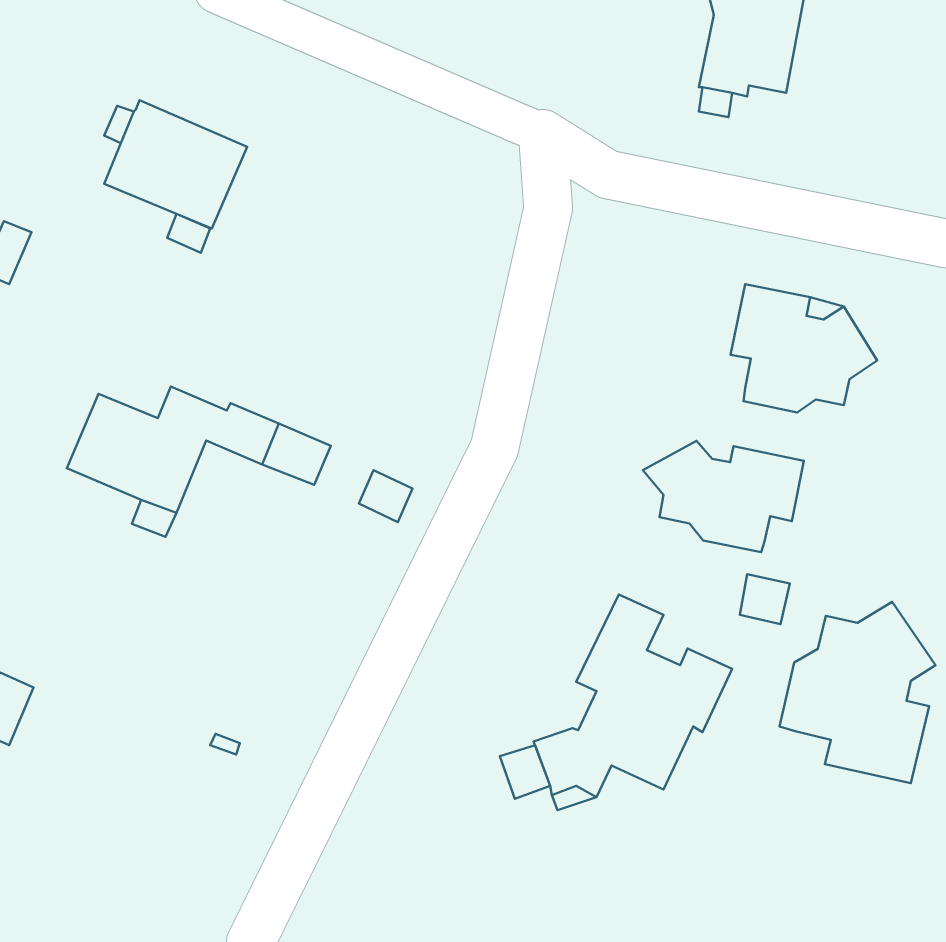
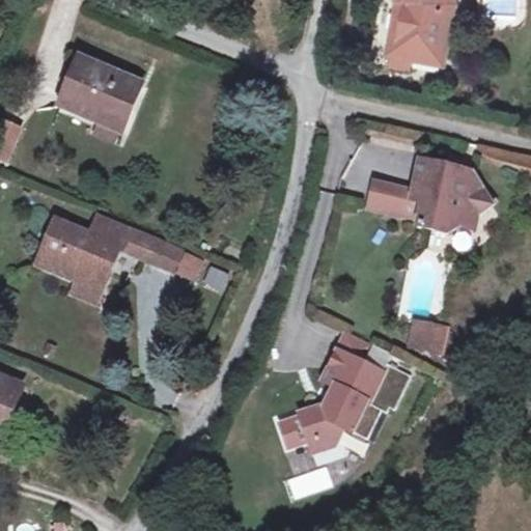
building: none -> [380,184,419,217]
building: [643,441,804,552] -> none
building: [780,602,935,783] -> none

